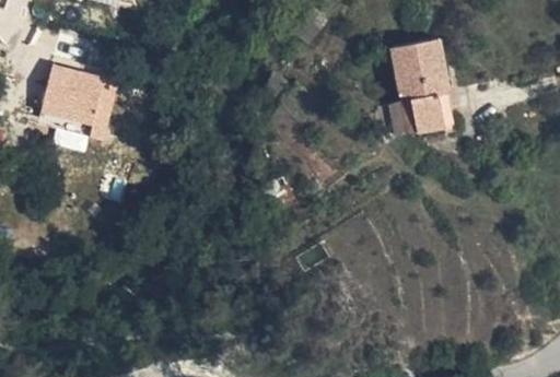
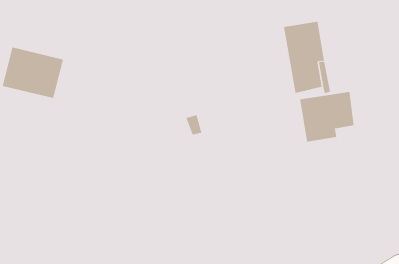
building: none -> [300,91,354,142]

